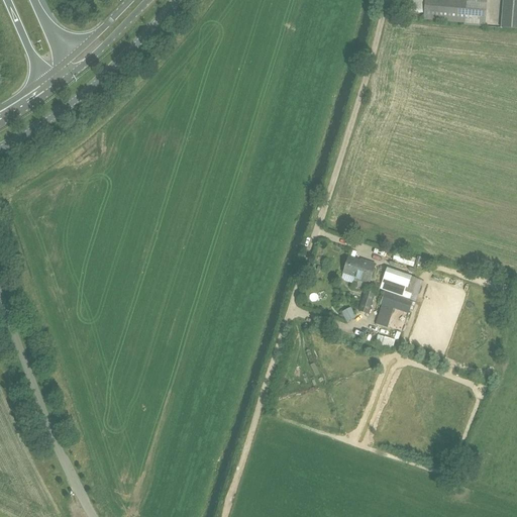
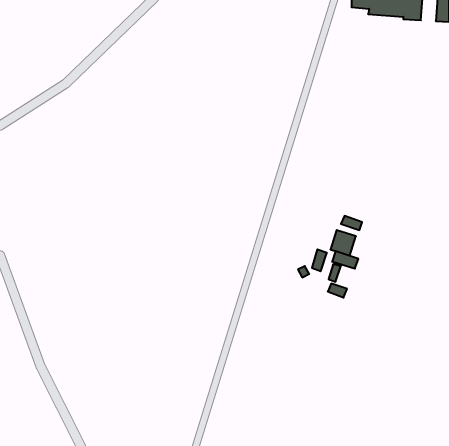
building: [344,254,375,280] -> none

